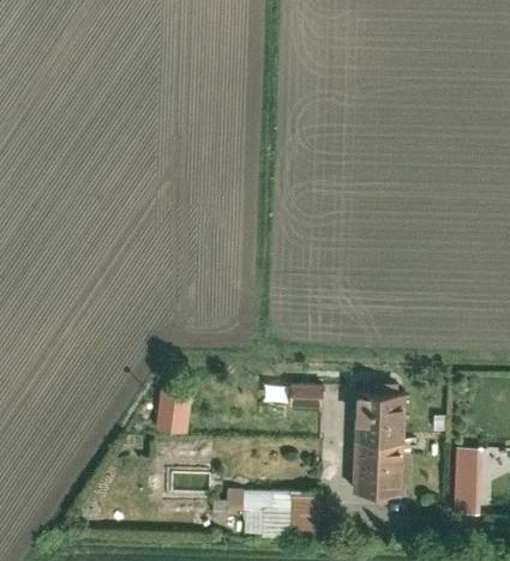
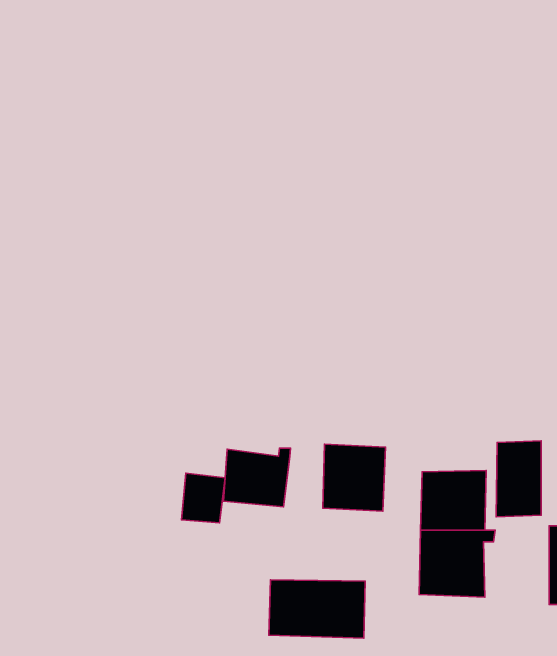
building: none -> [496,441,541,517]
building: none -> [224,448,291,507]

